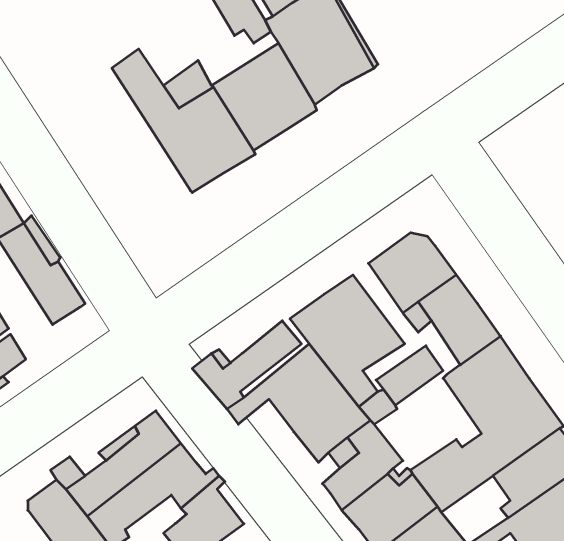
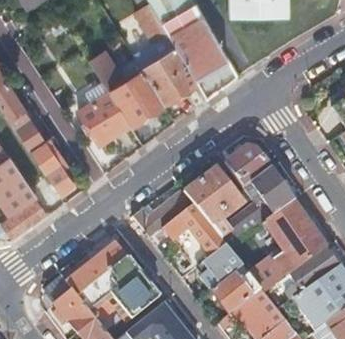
building: none -> [80,92,131,144]

